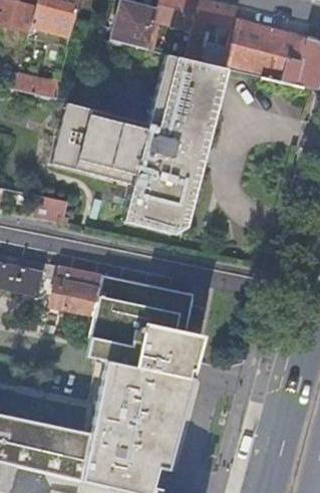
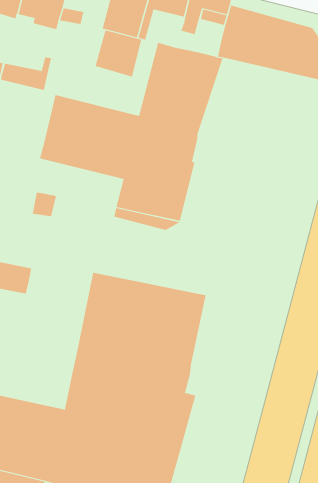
building: none -> [95,30,142,77]
building: [42,262,101,313] -> none

